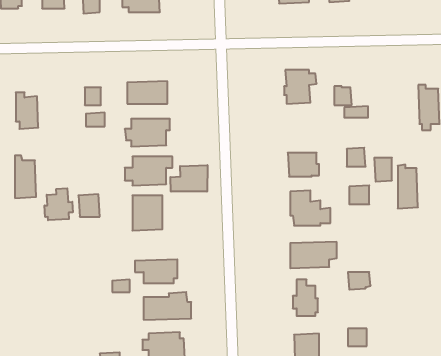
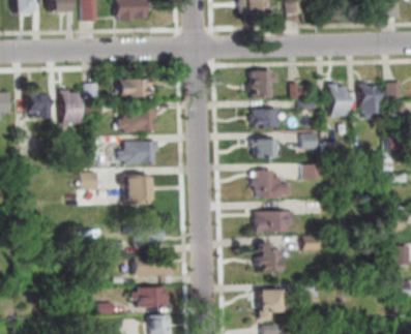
building: none -> [251,109,277,127]
building: [15,155,36,198] -> [62,88,80,123]
building: [398,165,418,208] -> [330,81,347,117]
building: [170,165,207,192] -> none
building: [45,188,73,220] -> none

